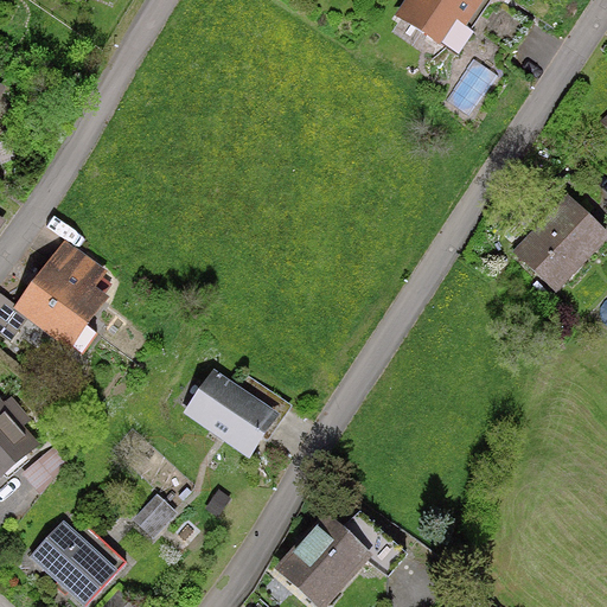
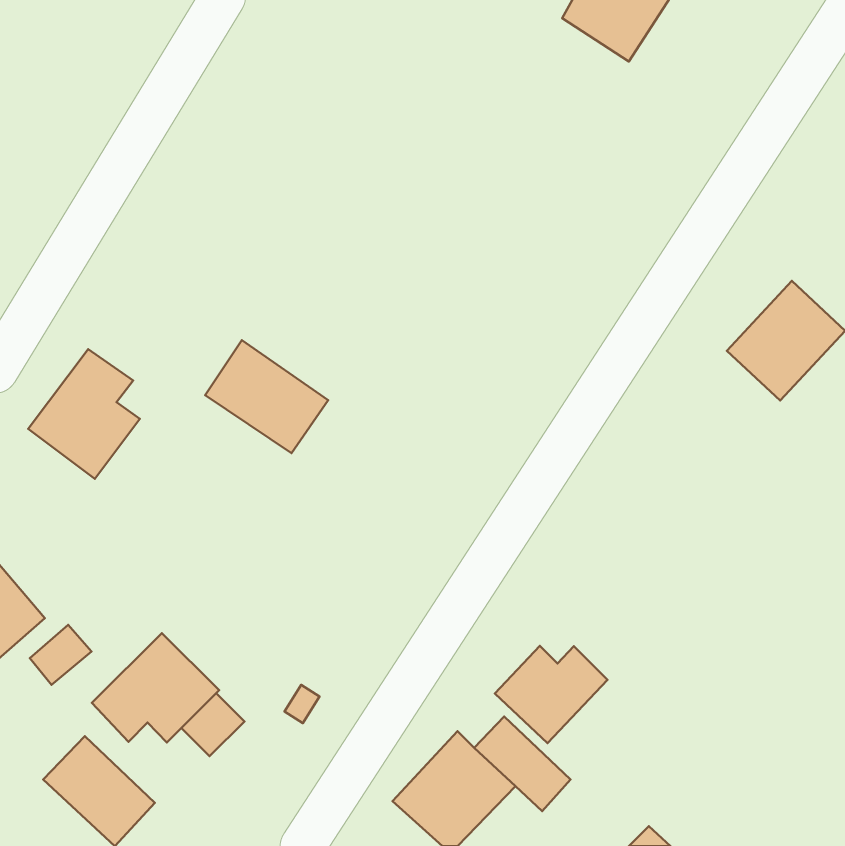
building: [186,373,274,454] -> [205,340,328,453]
building: none -> [92,633,219,743]
building: none -> [495,646,607,743]

